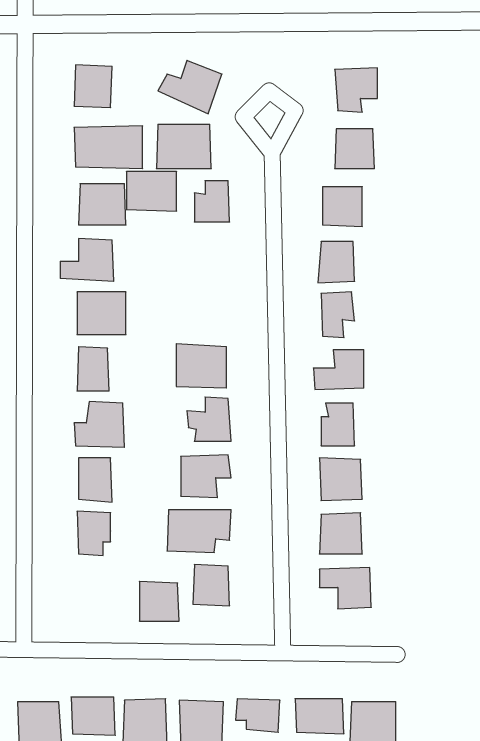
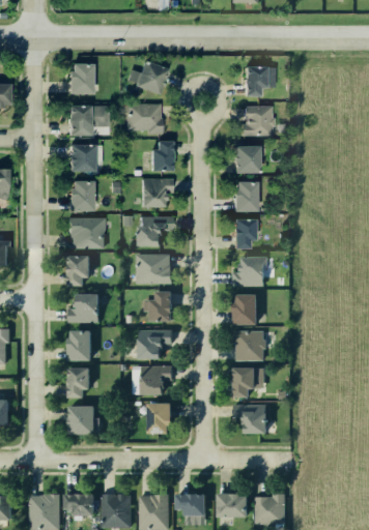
building: [126,172,177,211] -> [139,179,173,206]
building: none -> [138,216,170,244]
building: [139,581,179,621] -> [69,405,96,432]

